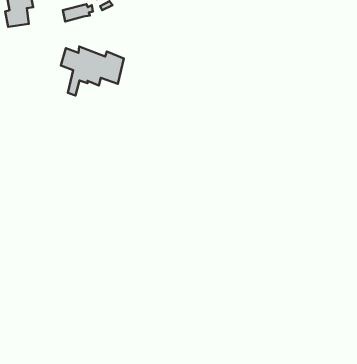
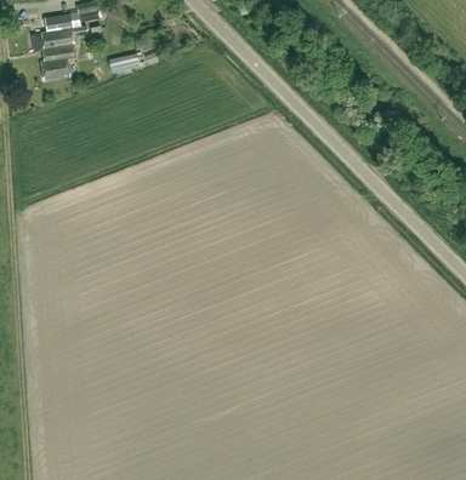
building: [61,47,124,96] -> none

